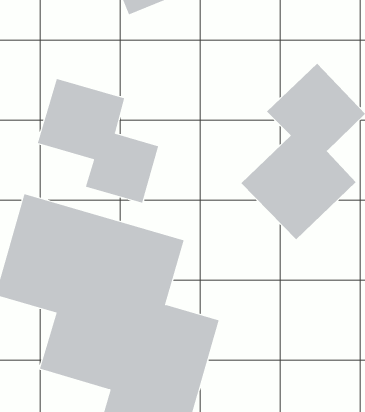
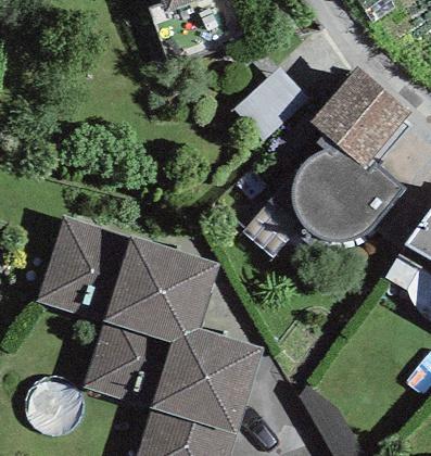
building: [37,78,159,204] -> none

